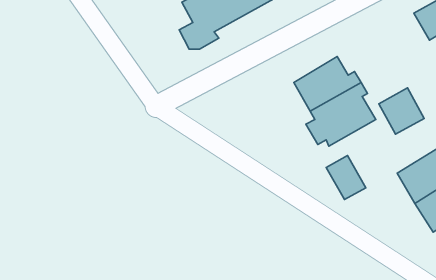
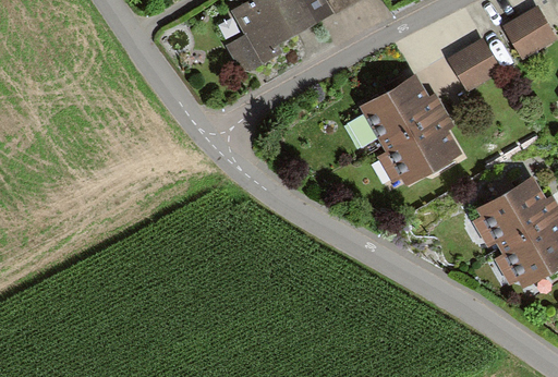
building: [379,88,424,134] -> [446,38,499,93]
building: [326,155,366,199] -> none

